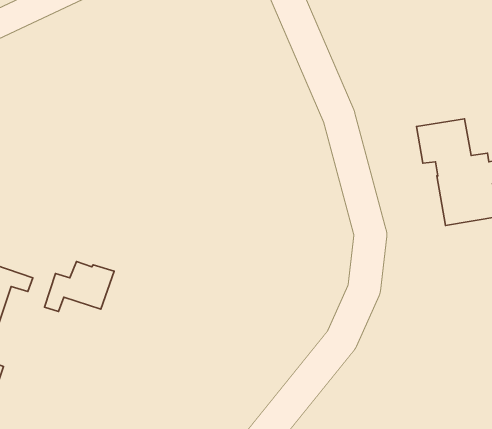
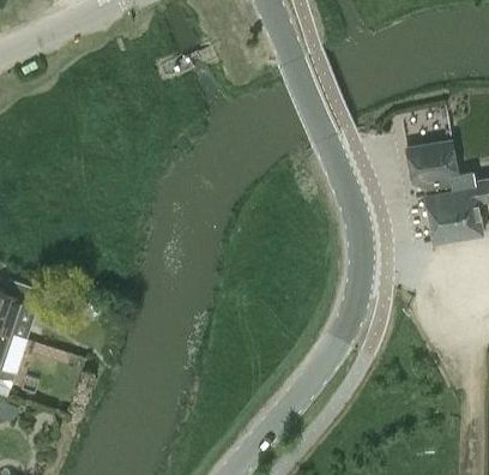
building: [44,262,114,312] -> none

